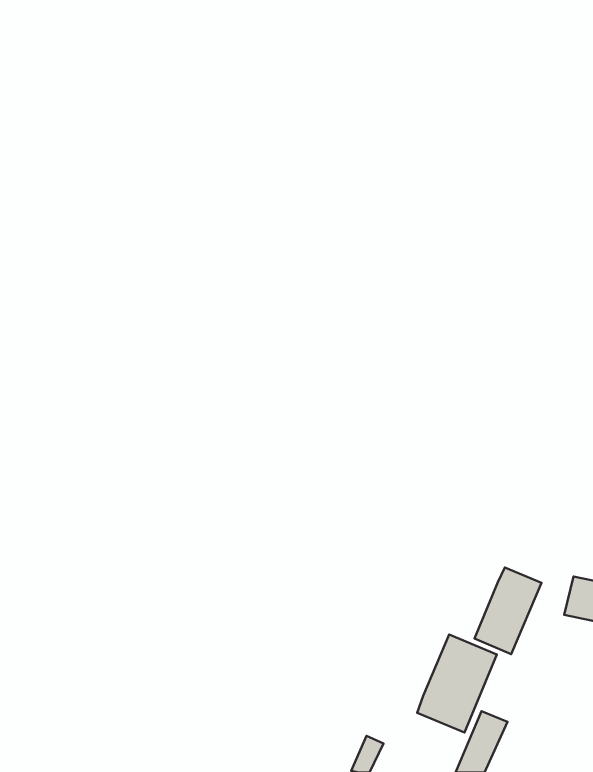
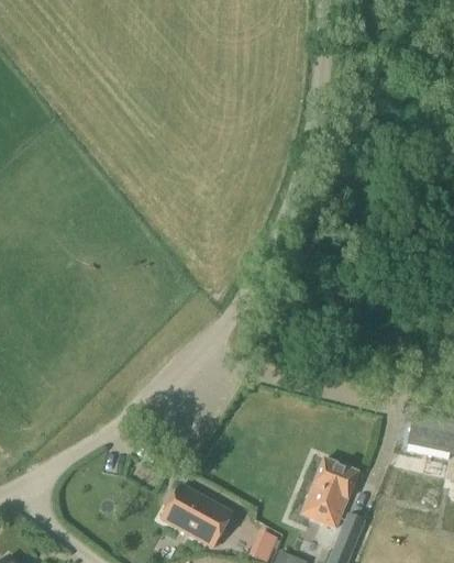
building: [474,567,541,654] -> none
building: none -> [163,483,232,545]

